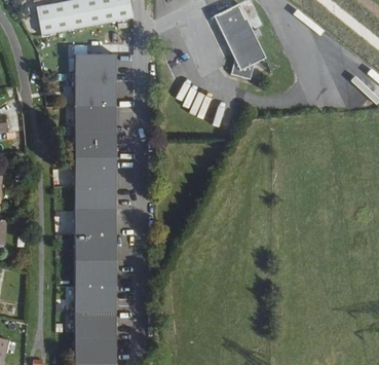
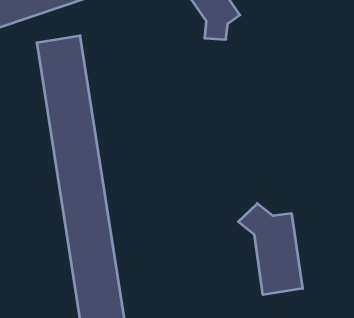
building: none -> [238,203,303,295]

